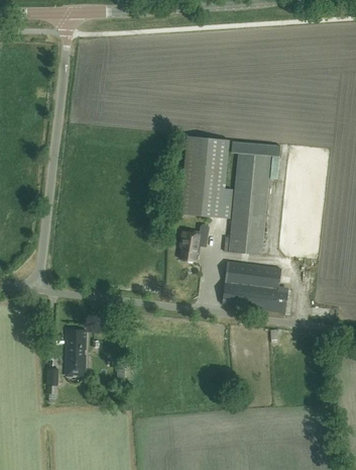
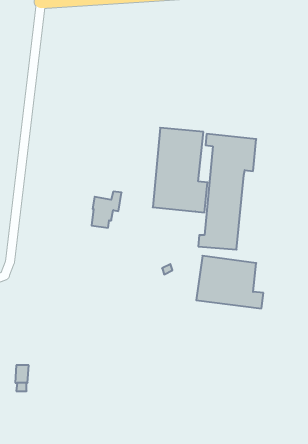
building: [180,224,209,260] -> [92,192,122,228]
building: [66,328,86,375] -> none

